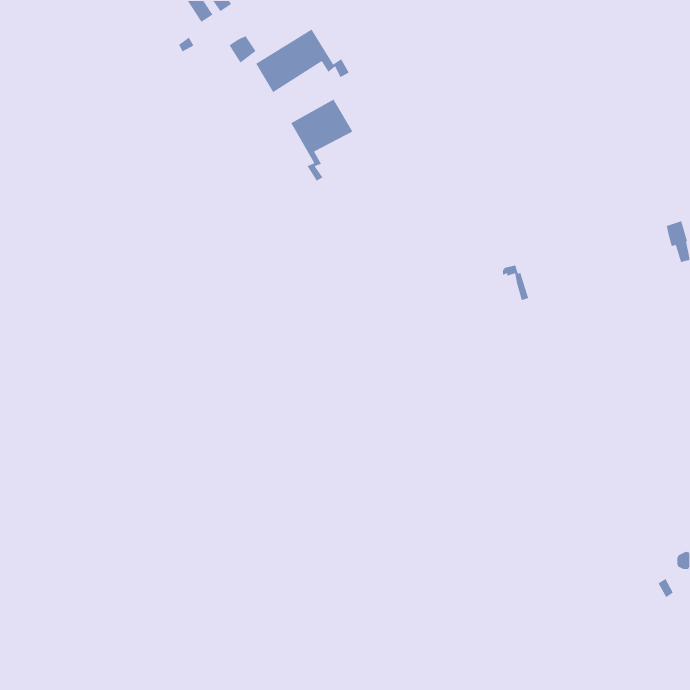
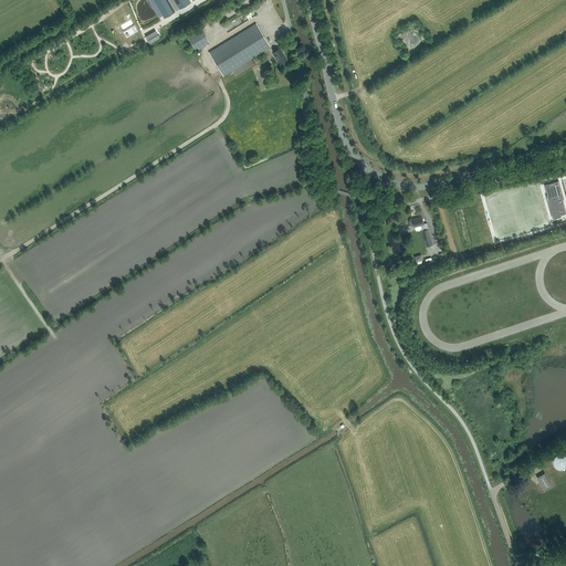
building: [290,99,354,182] -> none

